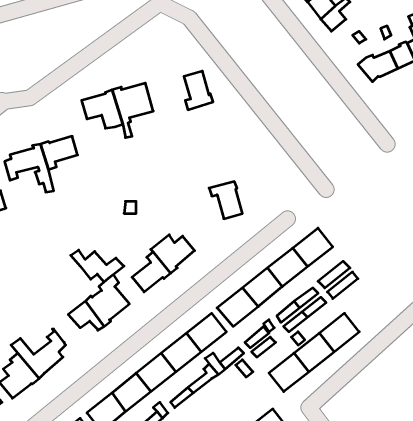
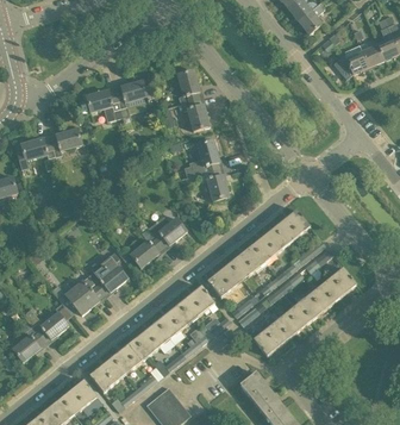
building: none -> [180,96,208,130]
building: none -> [196,139,221,174]
building: [71,250,124,282] -> [51,286,99,314]
building: none -> [320,268,356,302]

